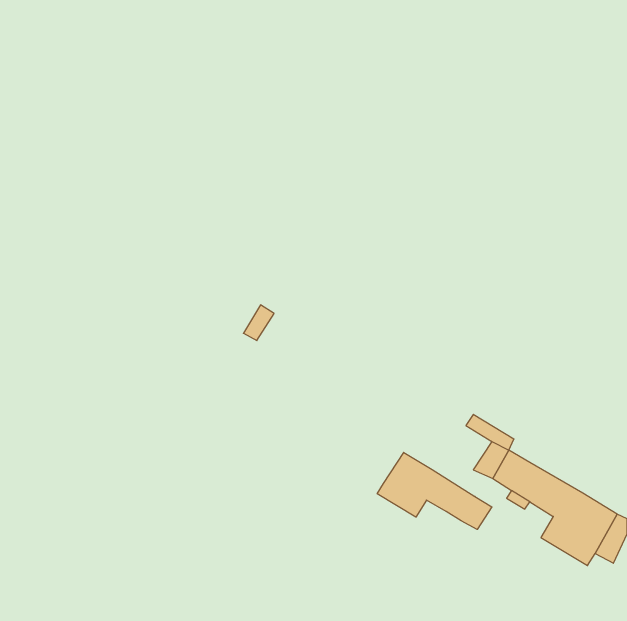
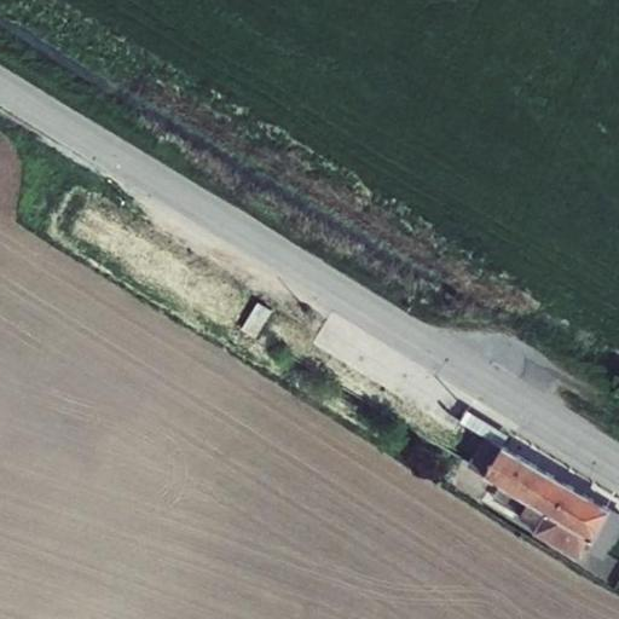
building: [377,452,492,529] -> none

